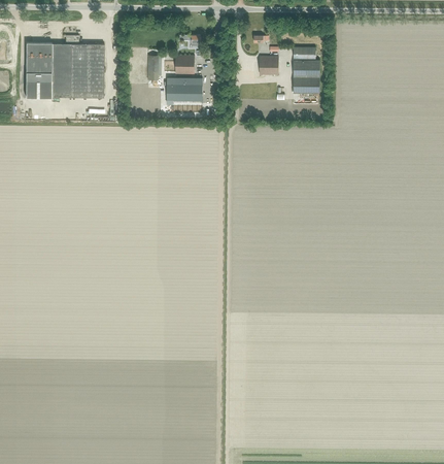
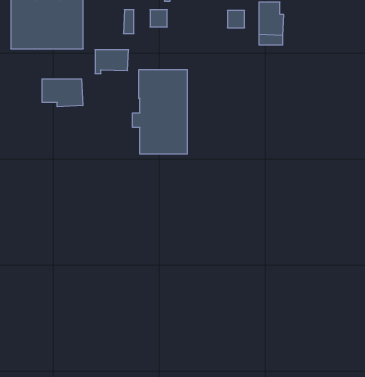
building: [166,77,202,103] -> [95,50,129,74]
building: none -> [133,70,187,154]
building: none -> [42,79,83,107]

